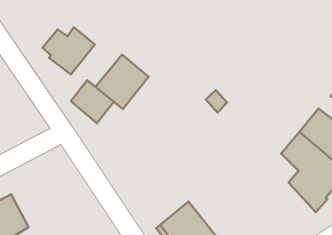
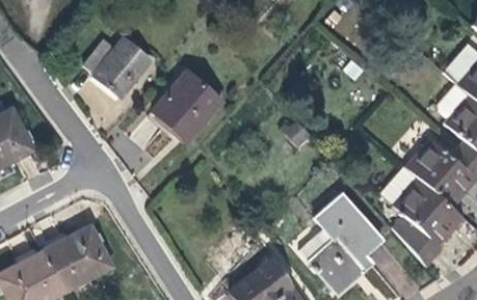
building: [71,80,114,123] -> none
building: none -> [309,193,381,293]
building: none -> [46,222,113,289]

